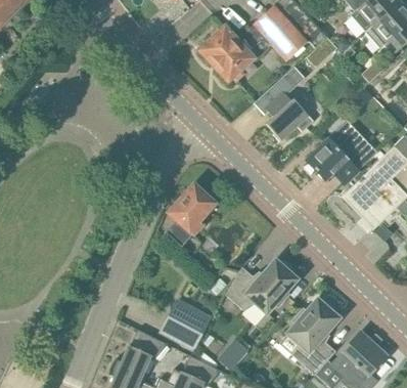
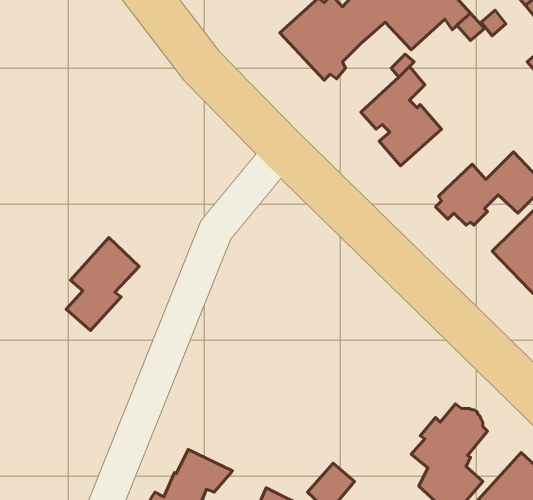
building: [166,184,215,247] -> [66,237,139,330]
building: [226,260,297,312] -> none
building: [159,298,213,352] -> none

